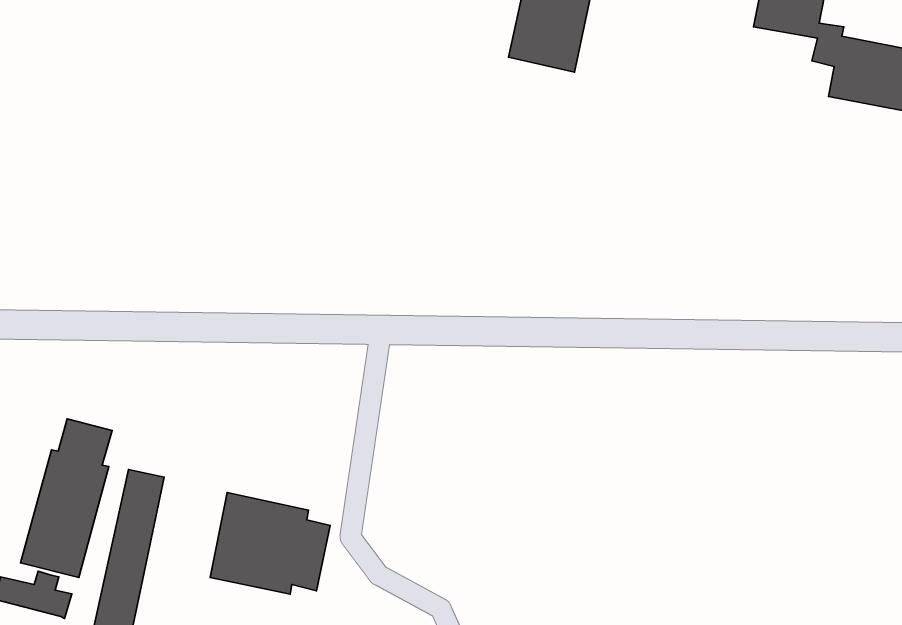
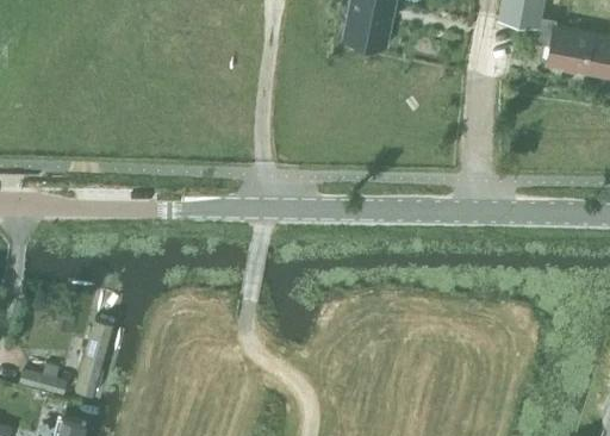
building: [20,419,112,578] -> none
building: [210,493,330,594] -> none

